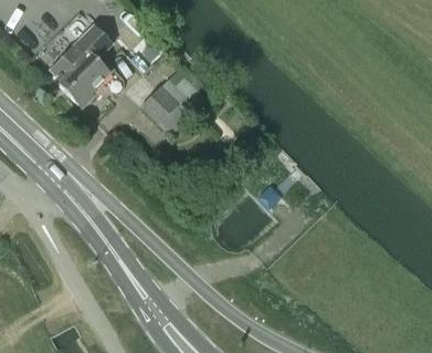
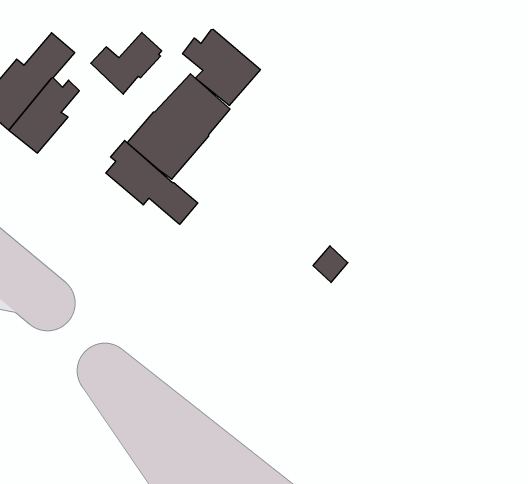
building: none -> [183,29,260,106]
building: none -> [106,140,198,224]

